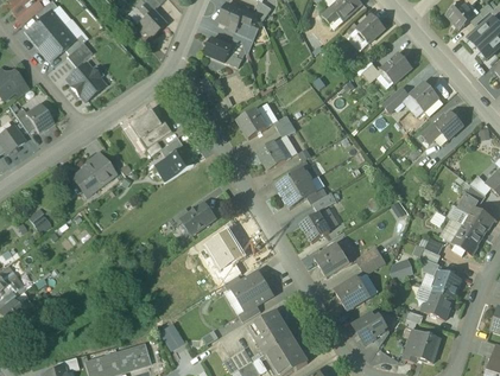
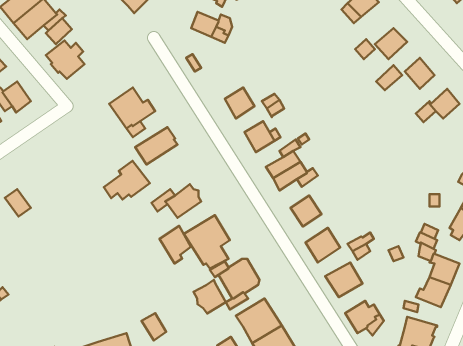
building: [71,151,115,187] -> [104,161,150,199]
building: none -> [160,226,191,263]
building: none -> [193,280,226,314]

